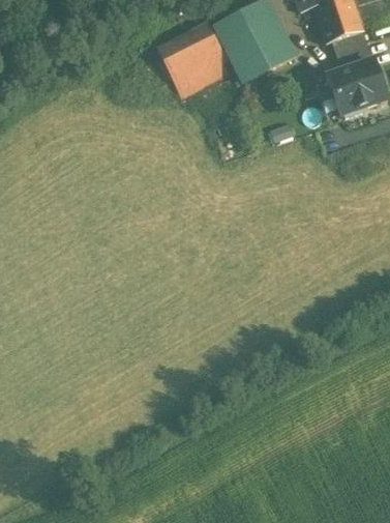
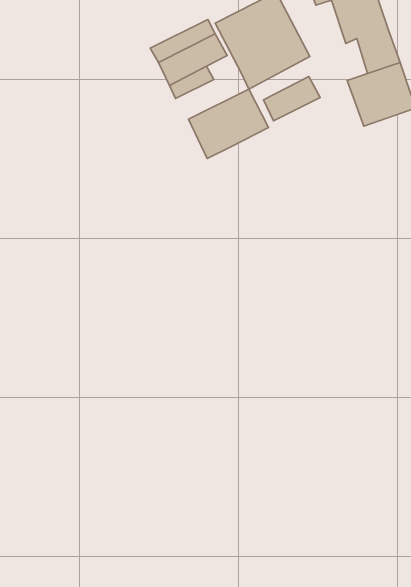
building: none -> [264,76,320,121]
building: none -> [189,89,268,159]

